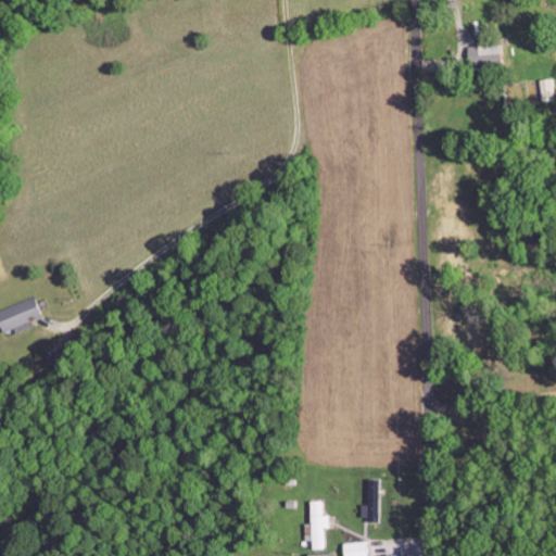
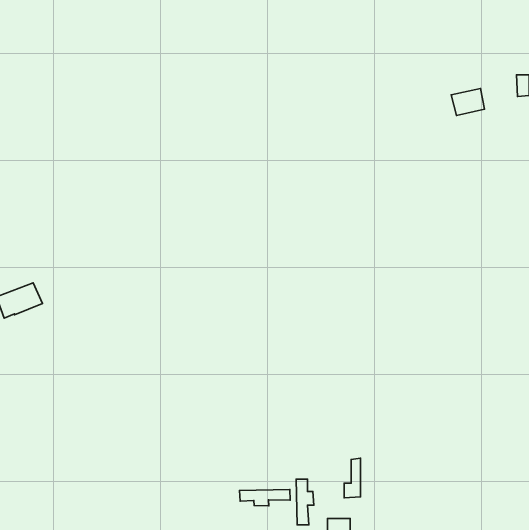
building: [468,40,503,68] -> [451,88,485,115]
building: none -> [240,490,290,506]

